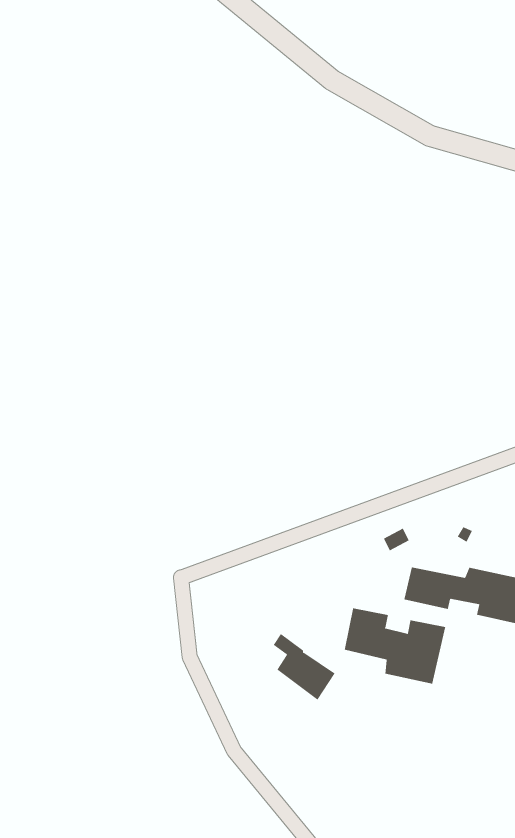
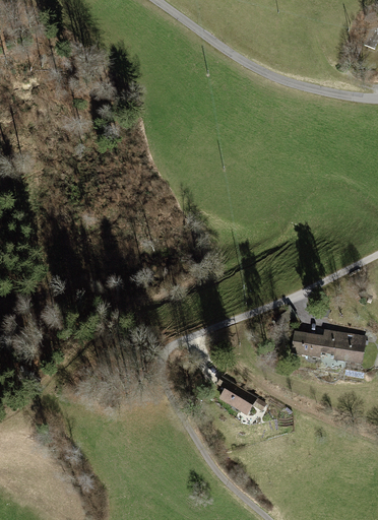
building: [344,607,446,684] -> none

